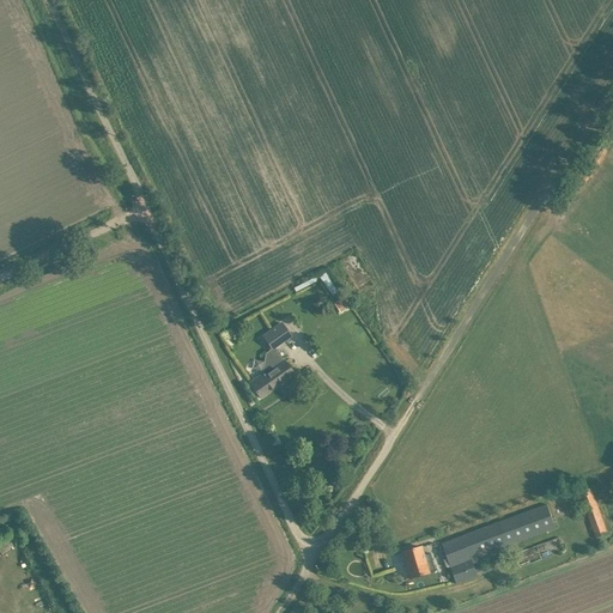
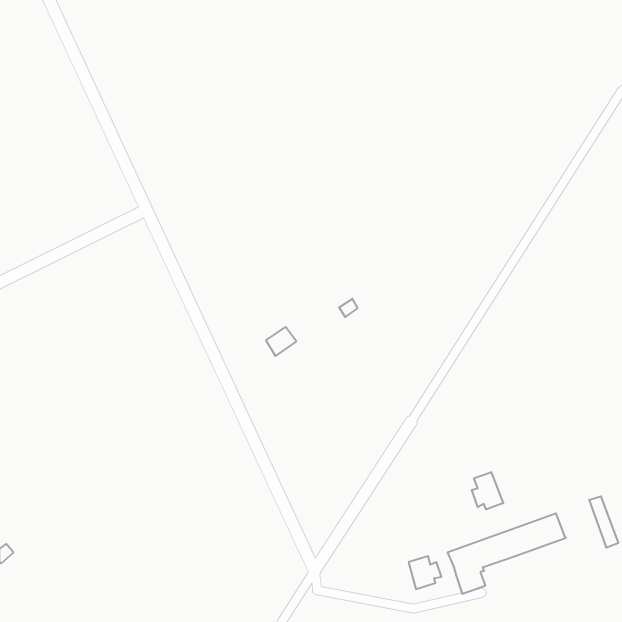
building: [249,353,293,397] -> none
building: none -> [472,472,503,509]

